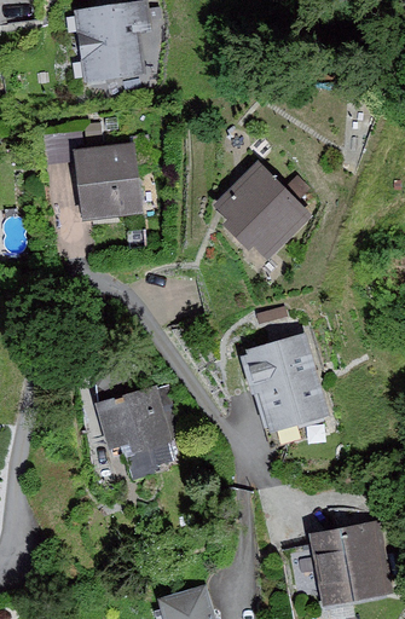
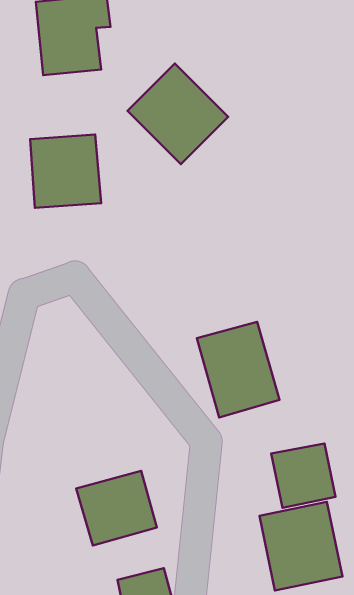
building: [212,158,314,261] -> [127,63,228,164]
building: [94,384,177,461] -> [76,471,157,545]
building: none -> [271,443,335,508]

